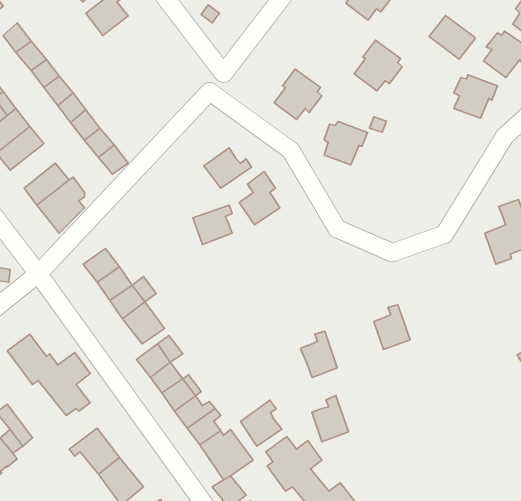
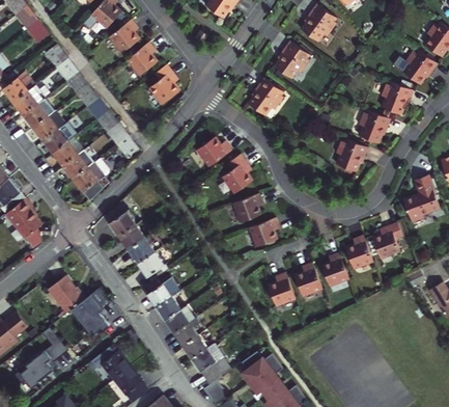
building: [429,16,475,59] -> none
building: none -> [125,42,157,76]
building: [354,40,402,91] -> [273,40,308,78]
building: none -> [148,64,178,104]
building: none -> [357,110,389,143]
building: [324,121,368,165] -> [335,139,367,171]
building: none -> [52,134,85,166]
building: [193,205,232,244] -> [231,193,260,222]
building: none -> [248,217,277,247]
building: none -> [371,222,401,259]
building: none -> [344,235,371,269]
building: [312,396,348,442] -> [293,262,320,296]
building: [240,400,282,446] -> none

